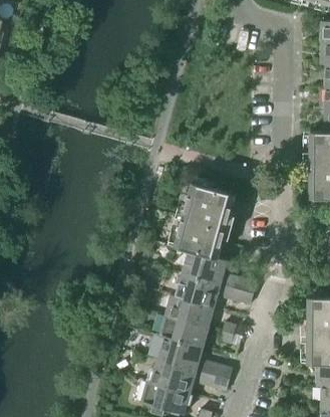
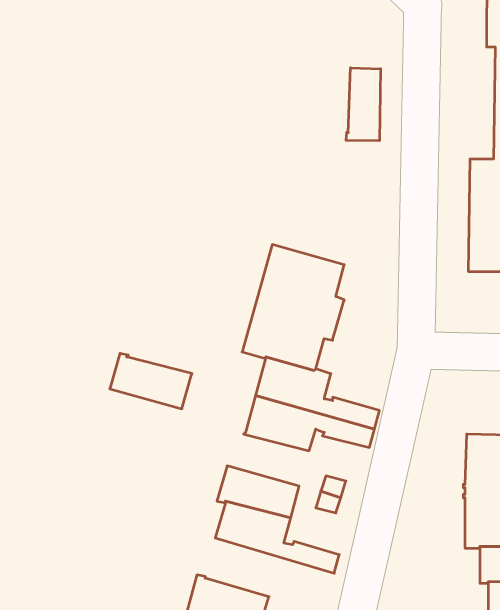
building: none -> [346,68,381,141]
building: [164,294,214,328] -> [110,353,192,409]
building: [151,359,229,394] -> none

